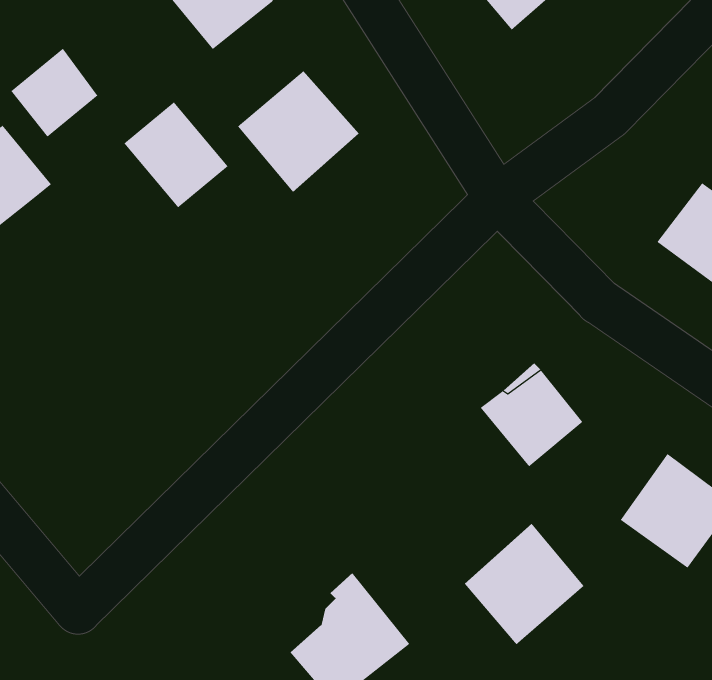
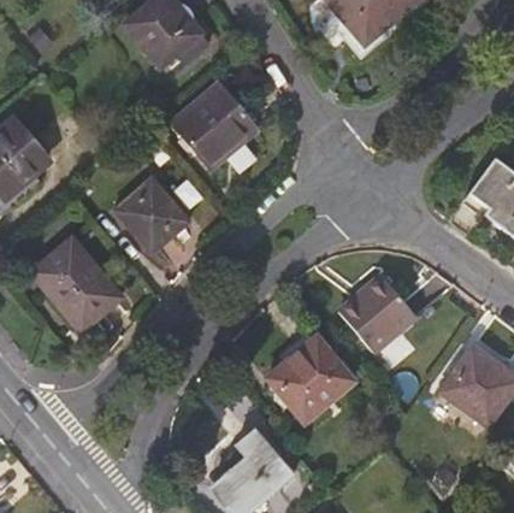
building: [11,48,98,137] -> none
building: [123,102,228,208] -> [120,176,193,249]
building: none -> [36,241,119,325]
building: [464,523,584,645] -> [270,337,353,421]

